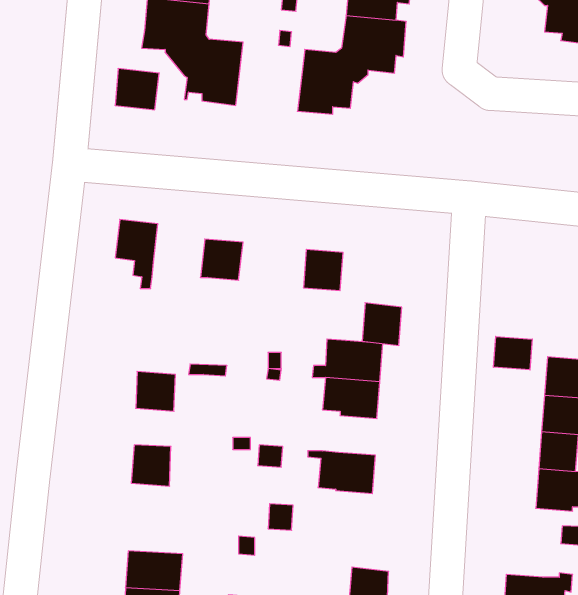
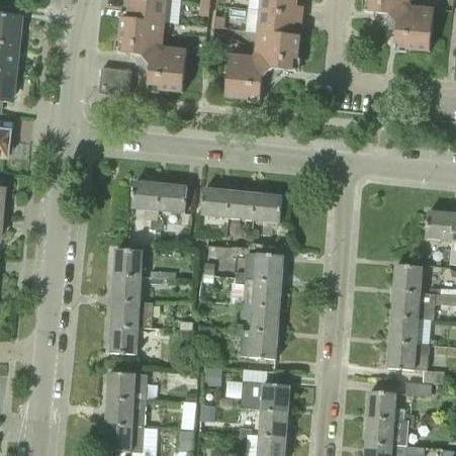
building: [115,219,158,289] -> [131,180,161,227]
building: none -> [202,187,231,216]
building: [362,303,402,345] -> [254,192,281,221]
building: none -> [114,248,143,276]
building: [493,336,532,370] -> none
building: none -> [112,299,140,326]
building: none -> [253,304,279,332]
building: none -> [108,371,147,399]
building: none -> [241,381,289,412]
building: none -> [368,391,395,416]

